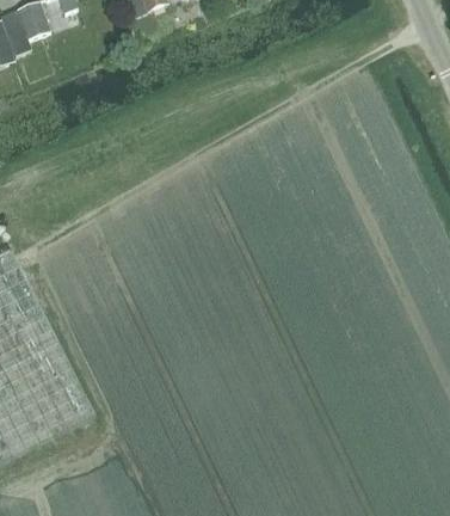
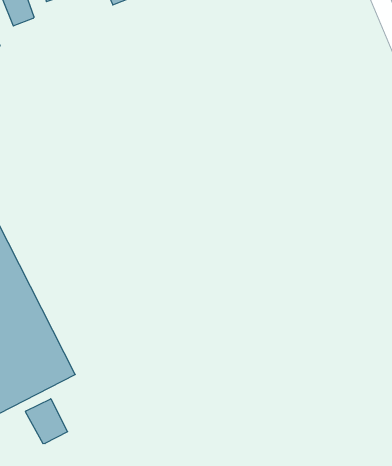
building: none -> [25,399,68,444]

